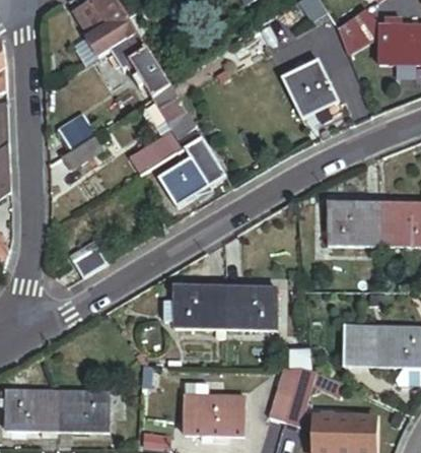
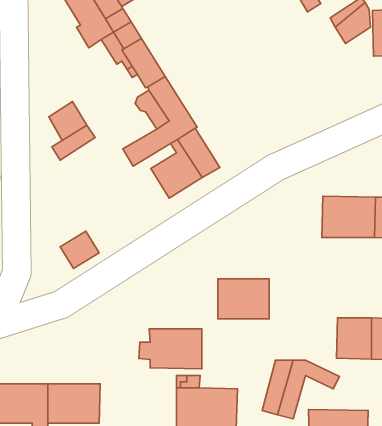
building: [285,48,343,110] -> none
building: [162,286,224,326] -> [139,329,202,369]

